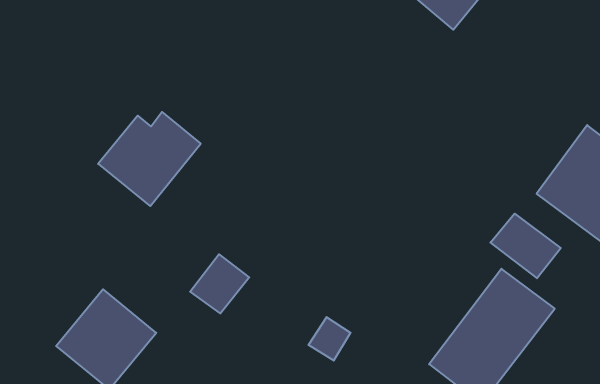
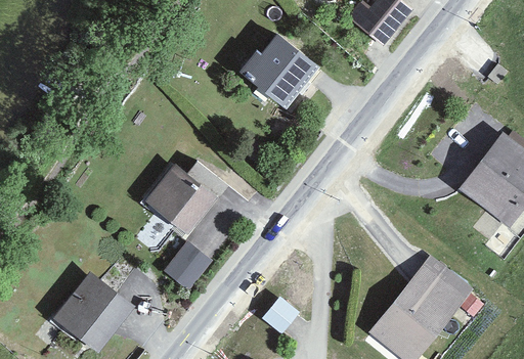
building: none -> [242,31,317,106]
building: [98,112,201,206] -> [142,160,229,239]
building: [490,214,561,278] -> none

